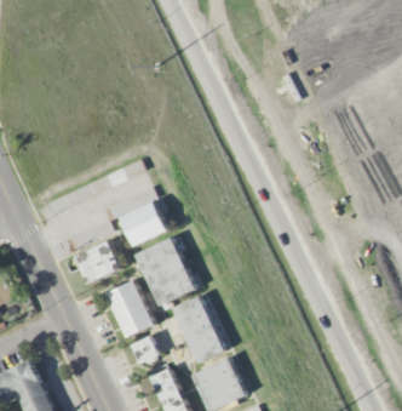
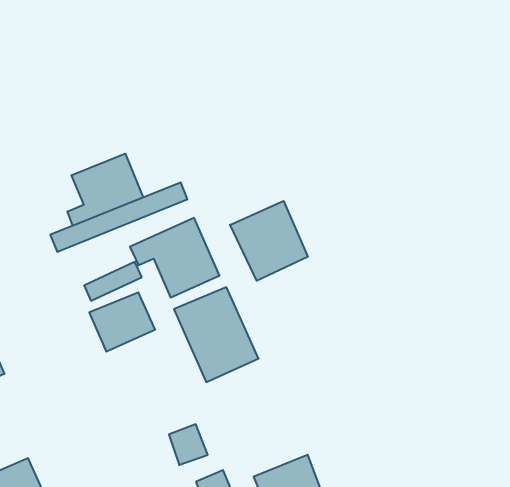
building: none -> [67,154,143,226]
building: none -> [230,201,308,281]
building: [105,280,153,336] -> none
building: [172,295,224,363] -> none

